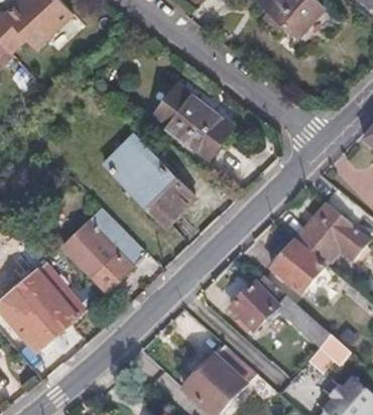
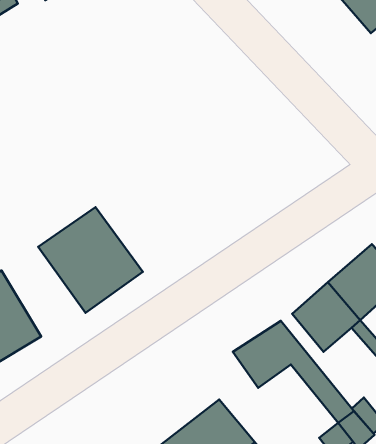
building: [150,80,233,157] -> none
building: [102,133,202,225] -> none

